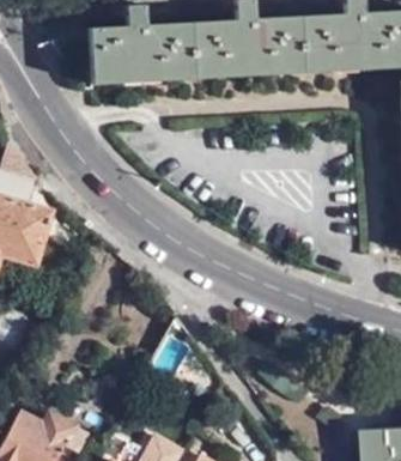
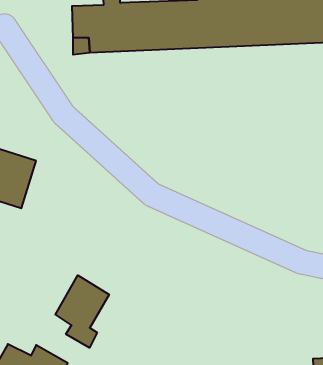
building: none -> [55,275,109,348]

